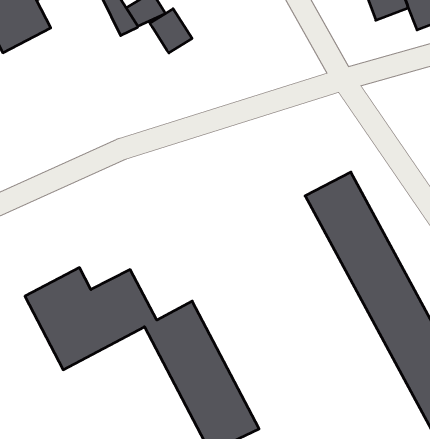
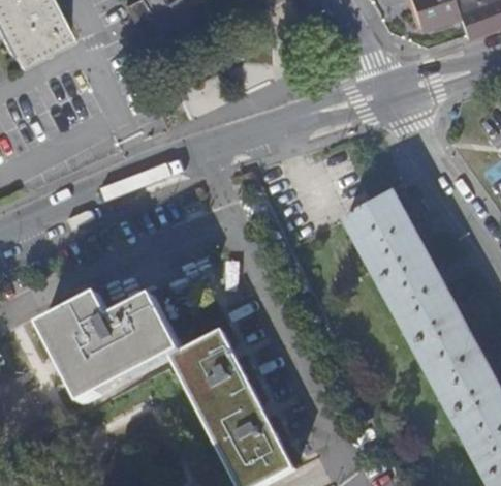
building: [150,9,192,53] -> none

